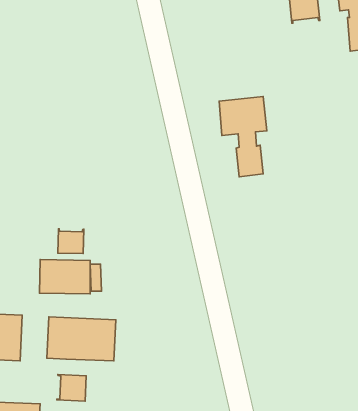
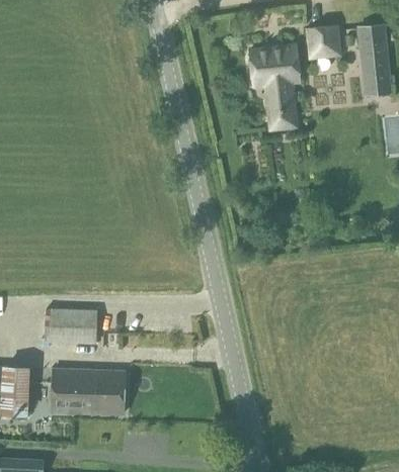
building: [219,96,267,177] -> [250,45,301,130]
building: [58,229,84,254] -> none
building: [57,375,86,401] -> none

